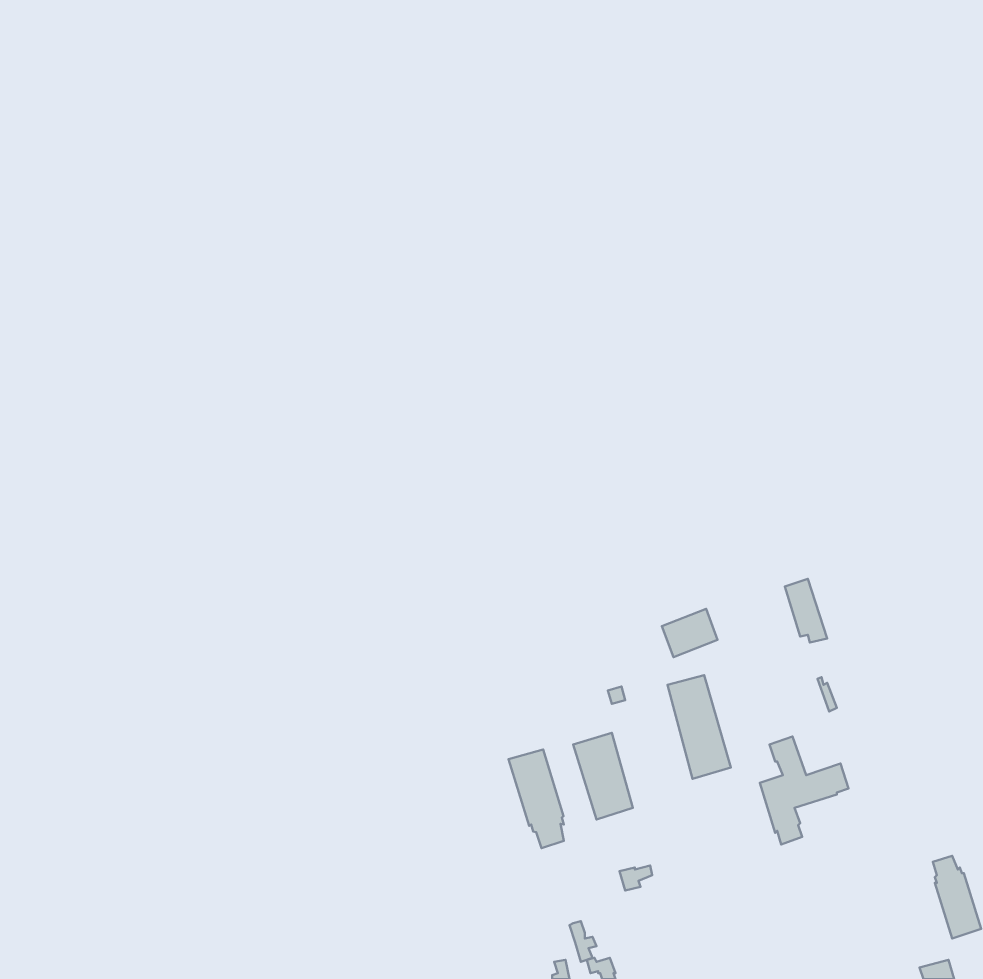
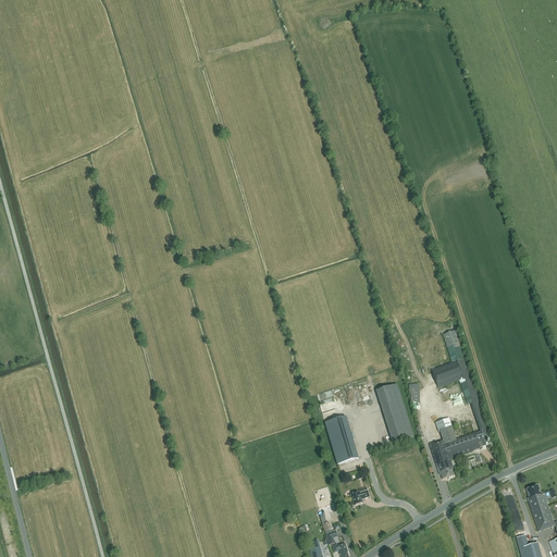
building: [662,609,718,657] -> [432,359,463,386]
building: [509,749,564,848] -> none

